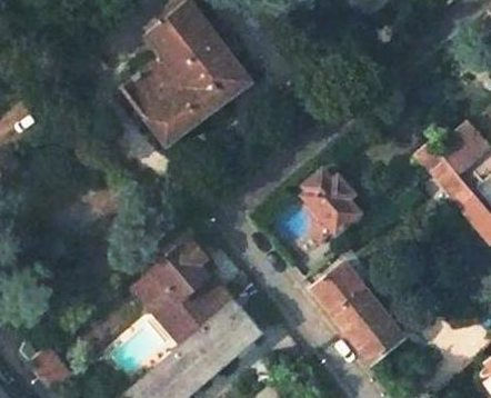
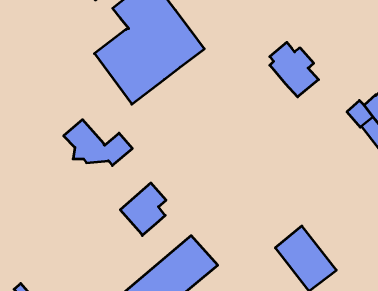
building: [303,170,360,233] -> [270,42,319,97]
building: [312,263,363,314] -> none
building: [130,269,210,322] -> [64,120,132,166]

